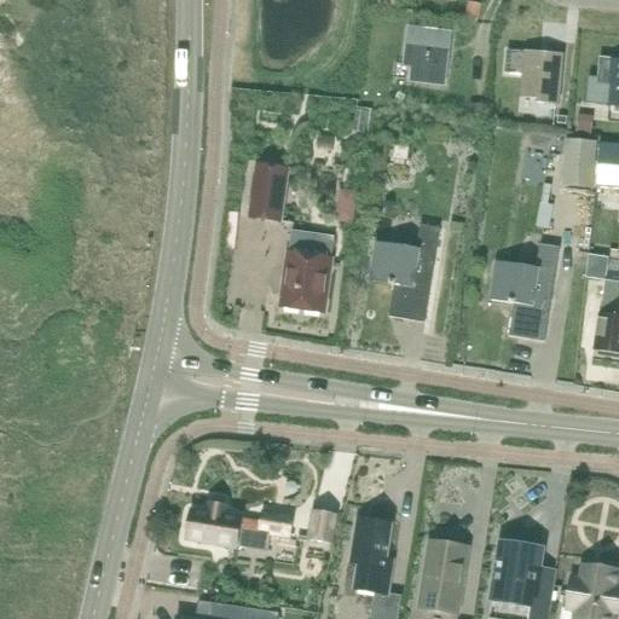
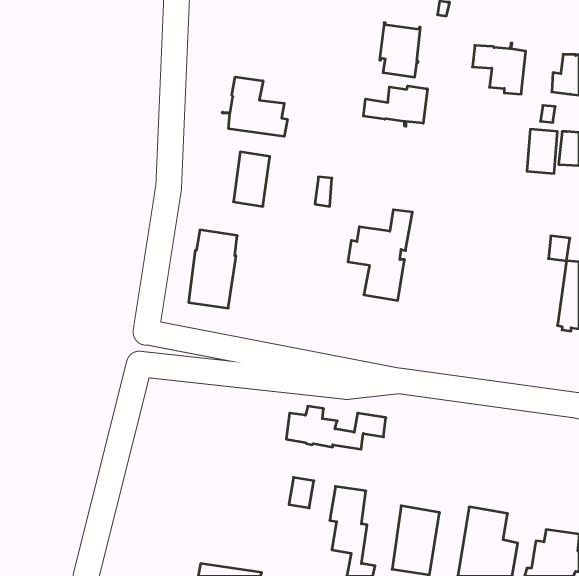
building: none -> [222,77,287,136]
building: none -> [363,86,427,126]
building: [280,228,332,312] -> [189,230,237,308]
building: [491,243,560,340] -> none
building: [186,503,293,549] -> [286,406,386,449]

